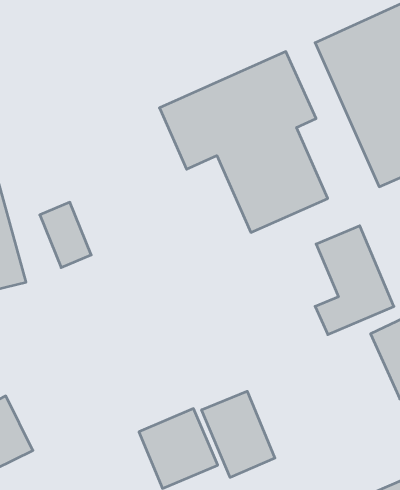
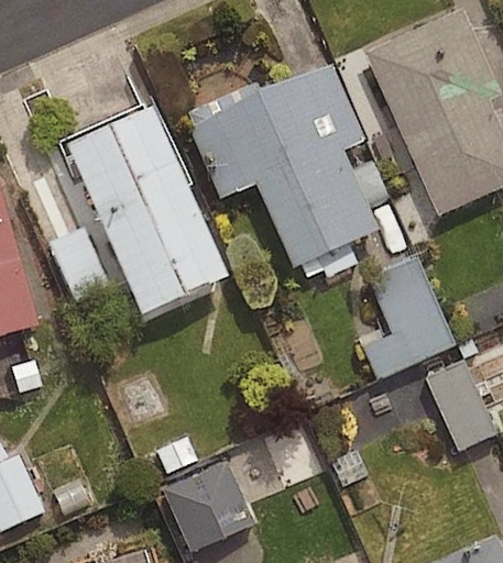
building: none -> [64,102,228,311]
building: [202,391,275,477] -> none

